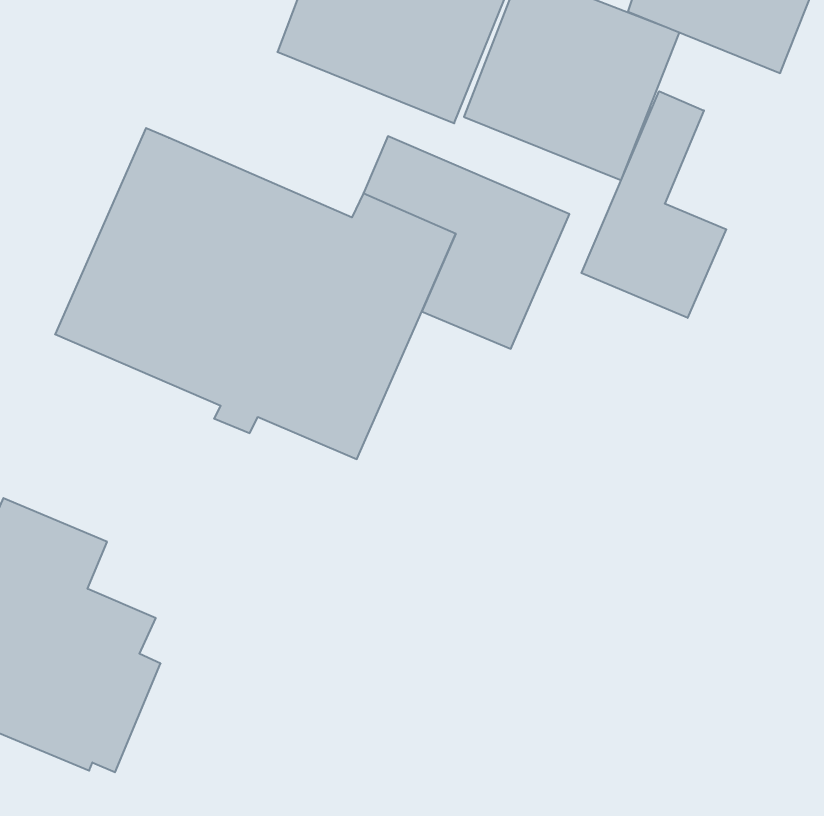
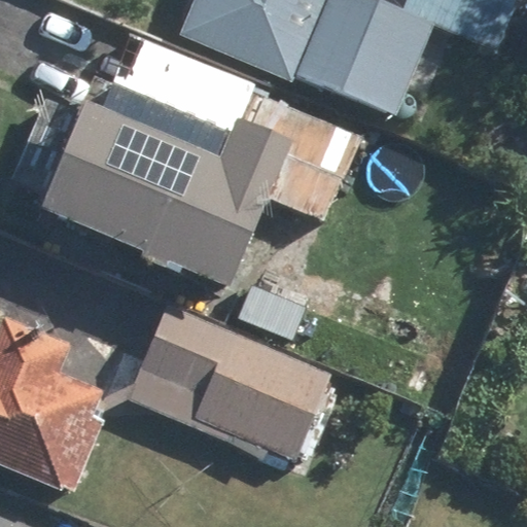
building: none -> [107,36,246,138]
building: [581,91,726,318] -> none
building: none -> [126,302,330,464]

